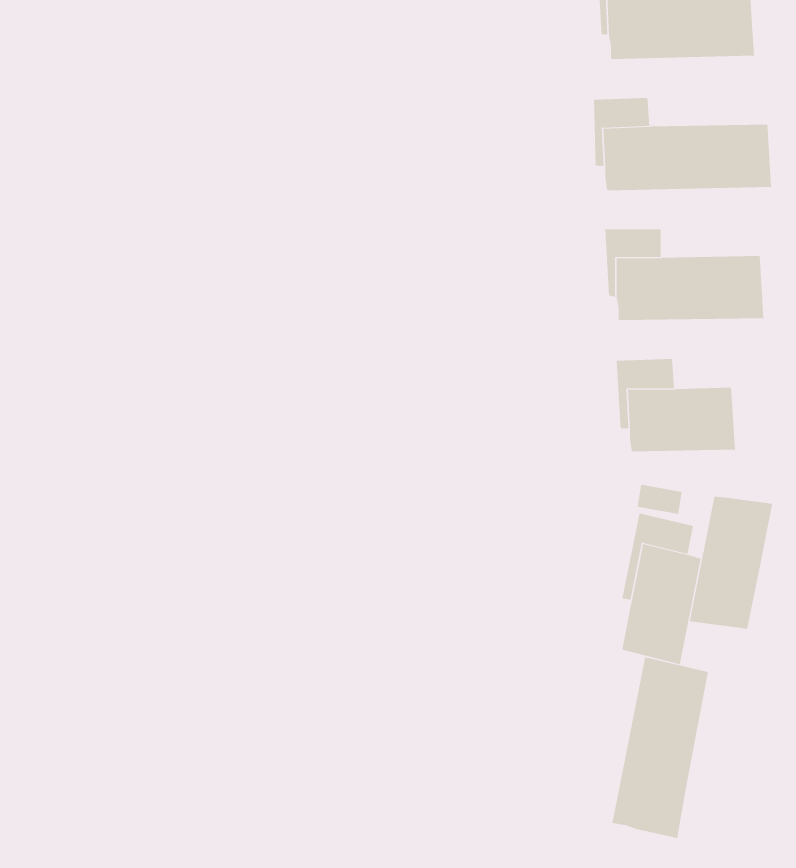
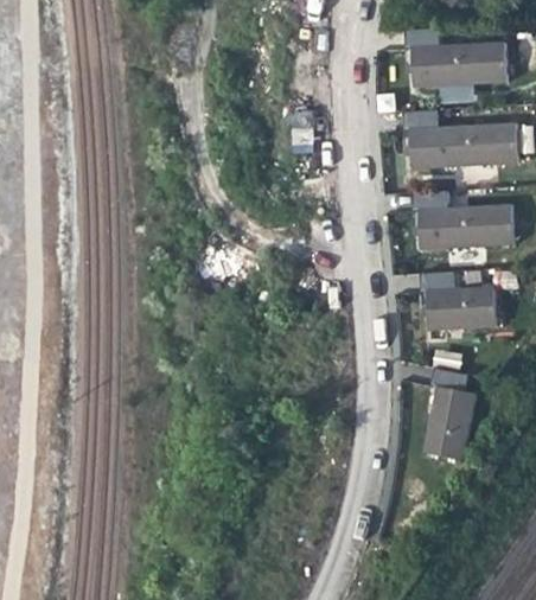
building: [689,496,773,629] -> none
building: [612,656,708,839] -> none

